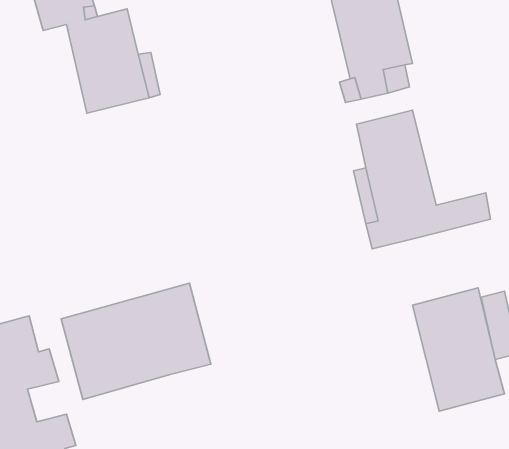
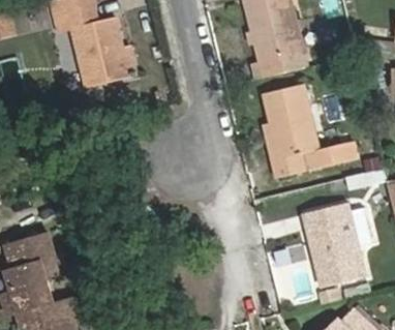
building: [61,283,211,400] -> none

